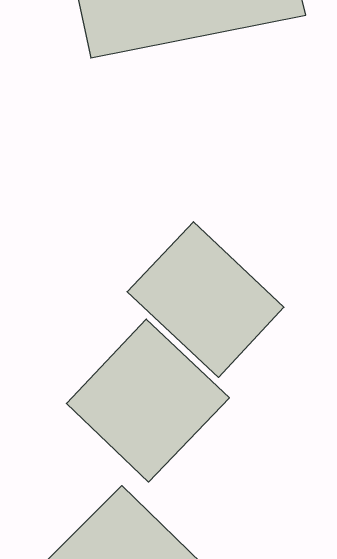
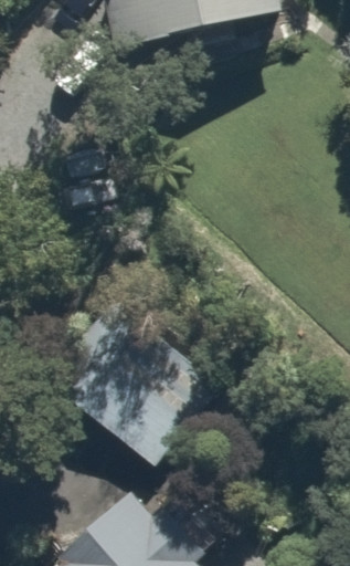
building: [127,222,284,377] -> none

